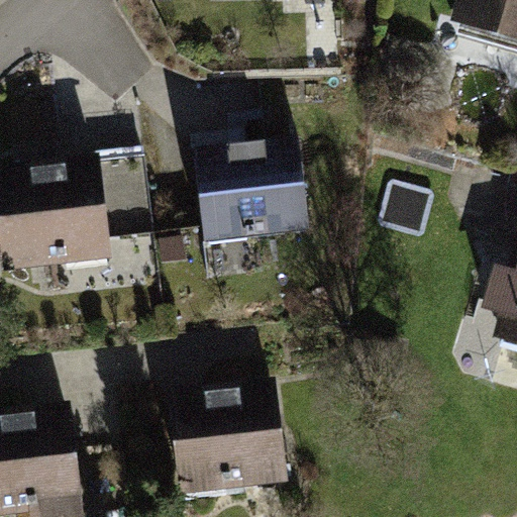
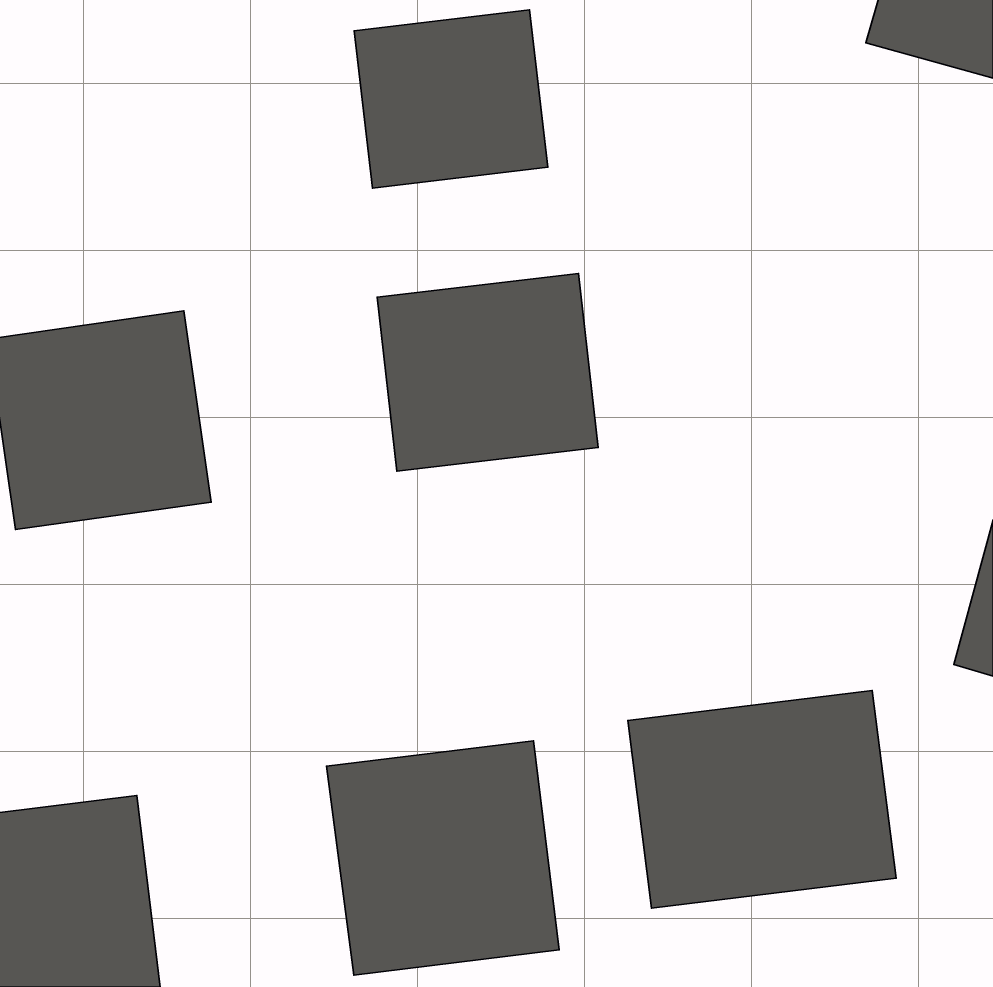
building: none -> [354,10,548,188]
building: none -> [628,691,896,908]

